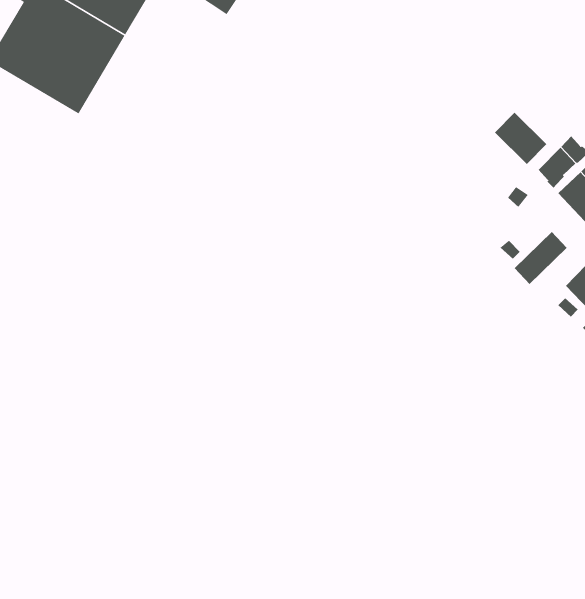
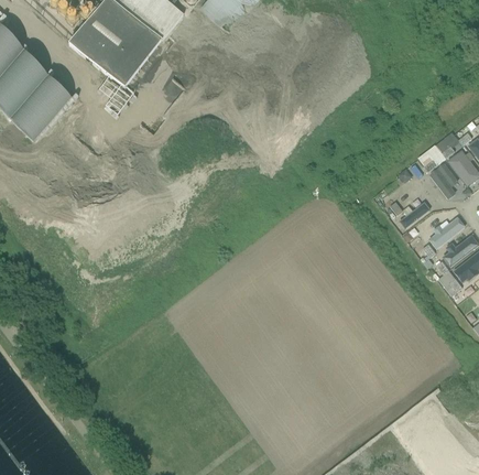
building: [494,112,547,165] -> none

